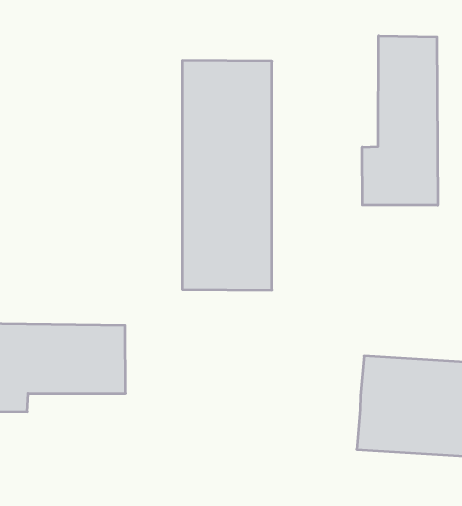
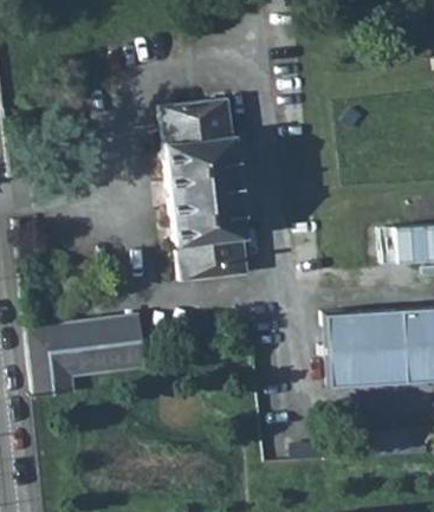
building: [362,36,438,205] -> none

